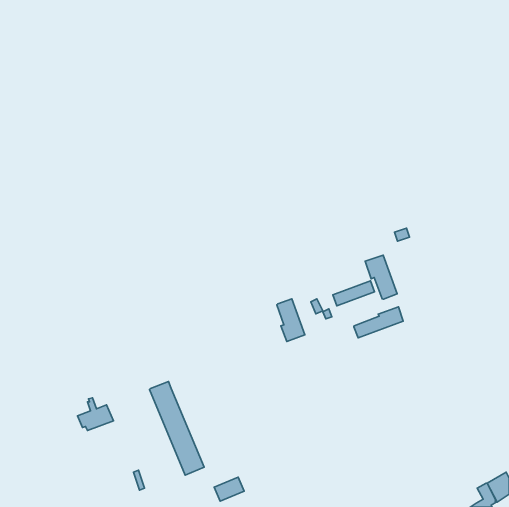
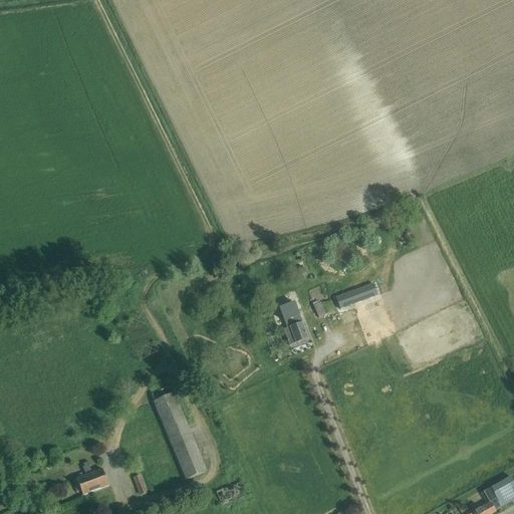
building: [365,255,397,299] -> none
building: [354,307,403,338] -> none
building: [78,398,113,431] -> [72,461,108,494]

